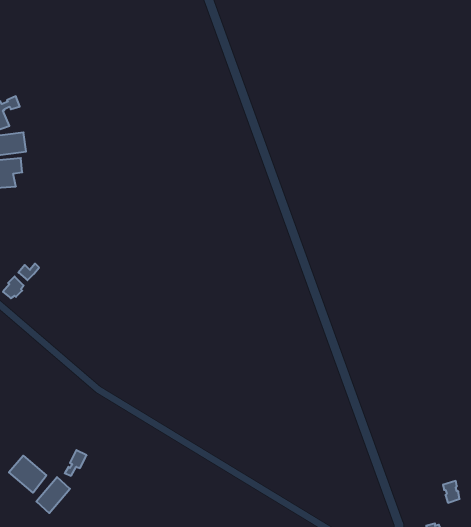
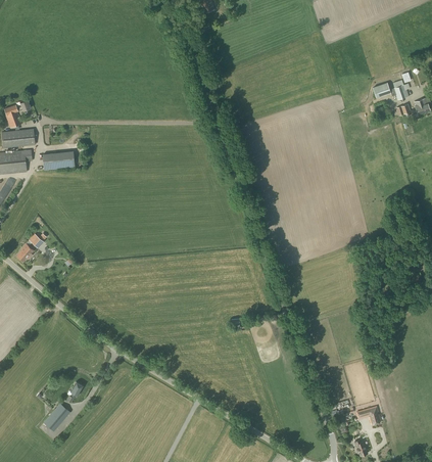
building: none -> [42,150,74,170]
building: [9,456,46,493] -> none

